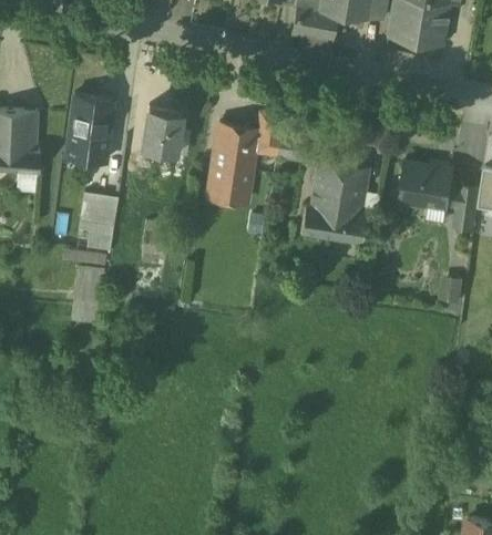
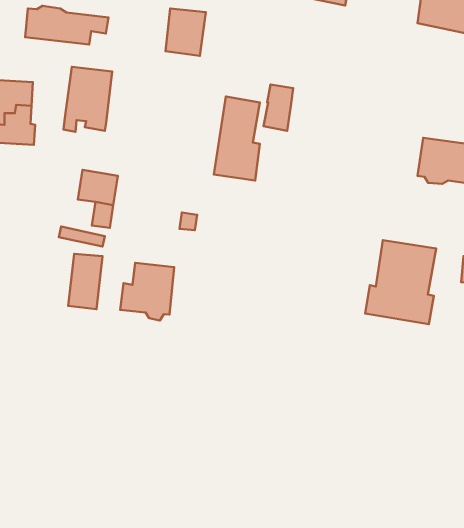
building: none -> [25,6,108,45]
building: [141,107,178,152] -> [165,9,206,56]
building: [303,163,369,241] -> [365,240,436,324]
building: none -> [120,263,174,320]

